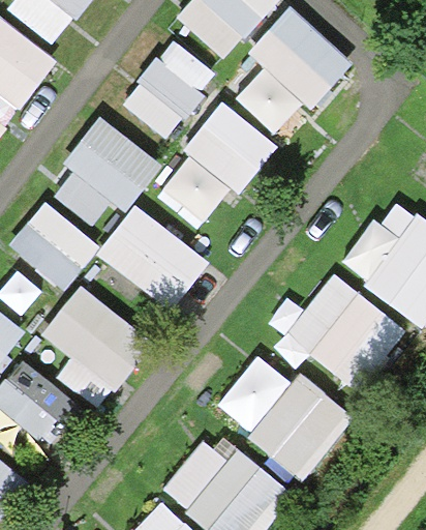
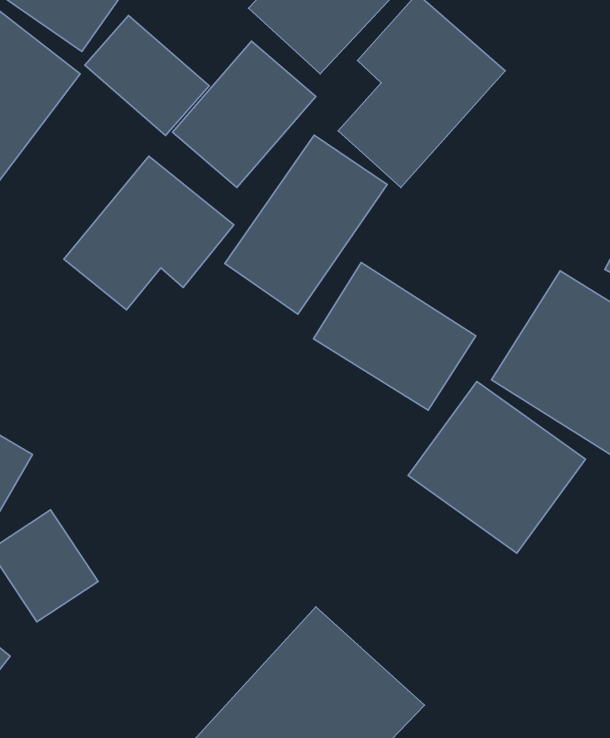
building: none -> [85,16,209,135]
building: [8,202,98,290] -> none
building: [95,206,208,308] -> [313,263,476,410]
building: [40,285,150,390] -> none
building: [233,362,354,482] -> none

